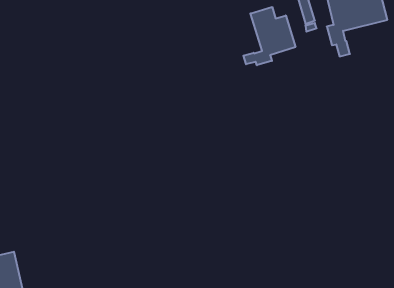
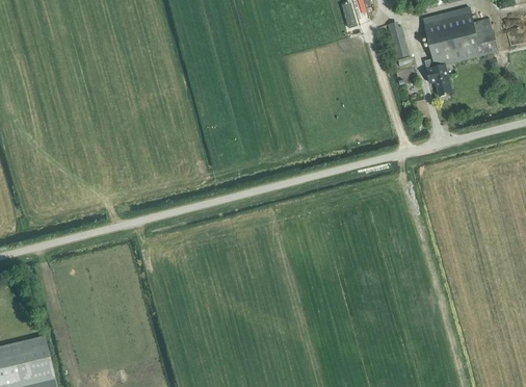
building: [243,7,295,65] -> none

